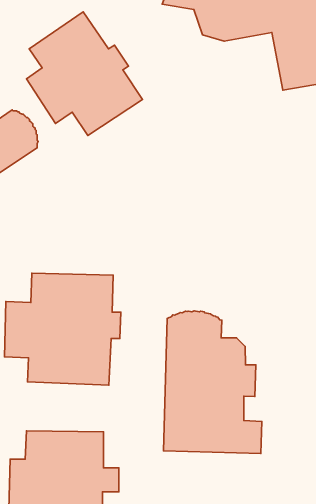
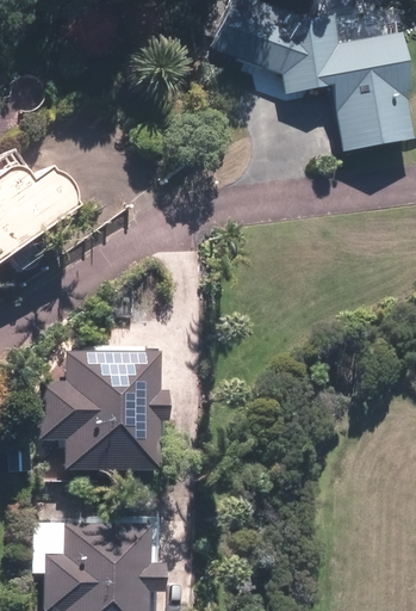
building: [26,12,142,135] -> none
building: [164,311,262,453] -> none

